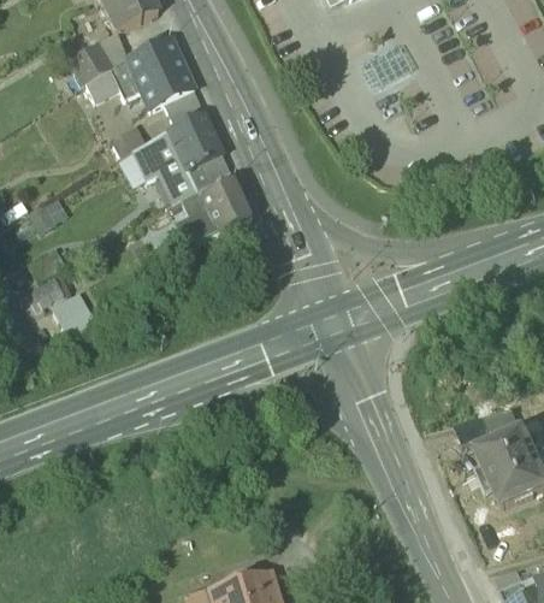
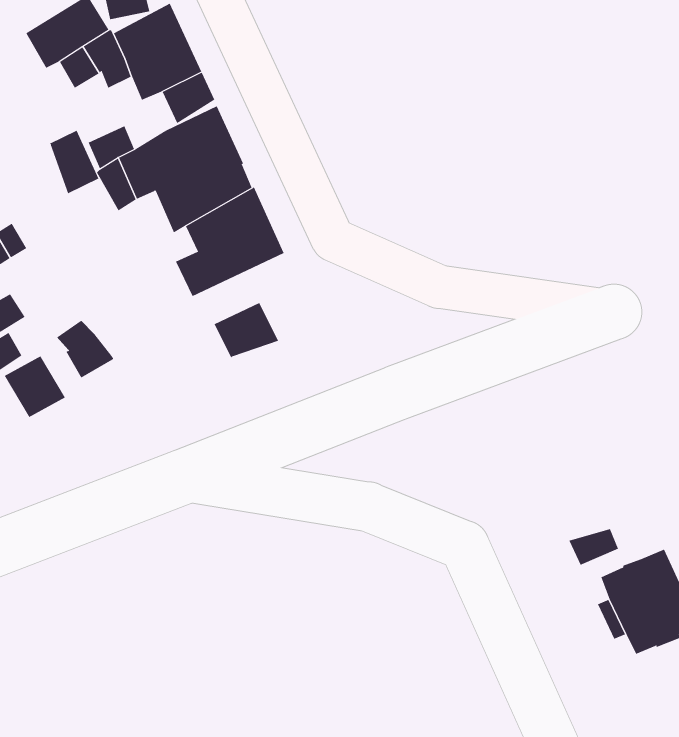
building: none -> [49,130,99,194]
building: none -> [214,302,279,359]
building: none -> [56,320,114,378]

